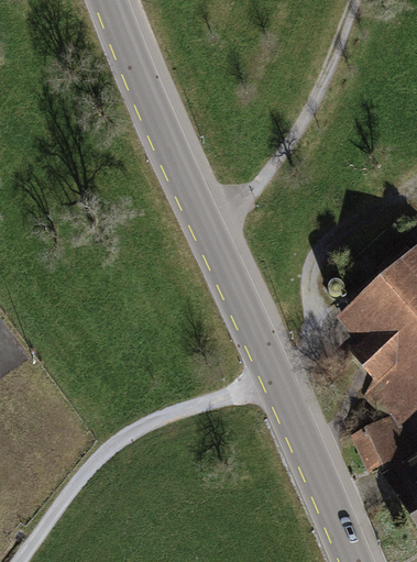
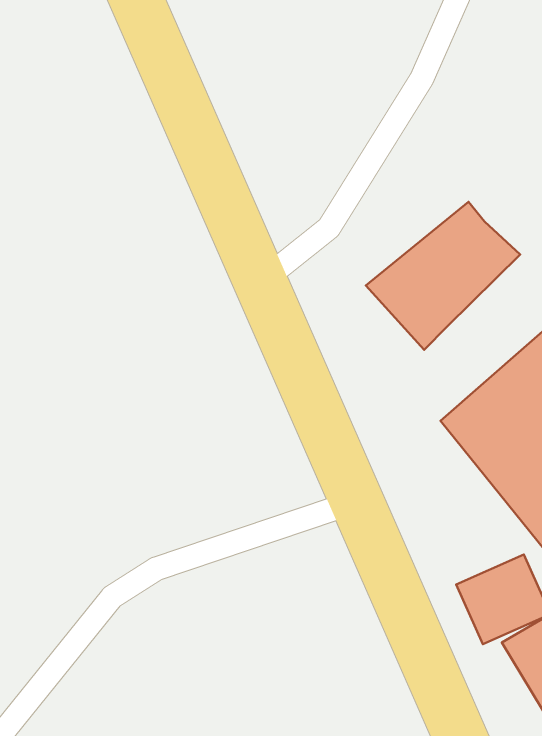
building: none -> [366,202,520,350]

